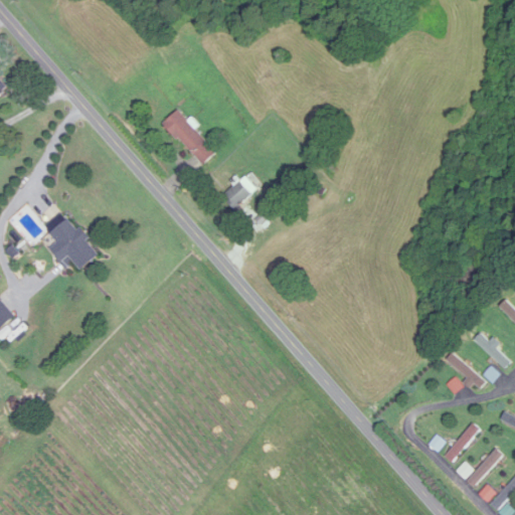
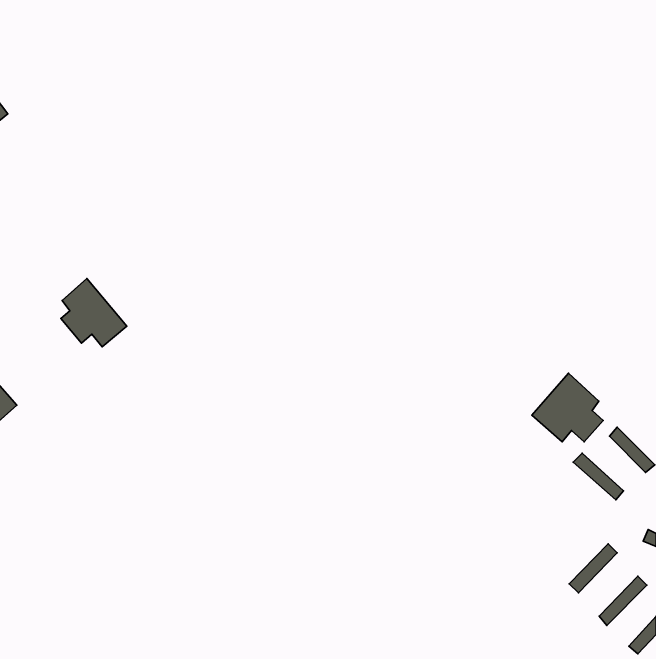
building: [163,110,214,165] -> none
building: [222,176,255,207] -> none
building: none -> [532,373,603,442]

